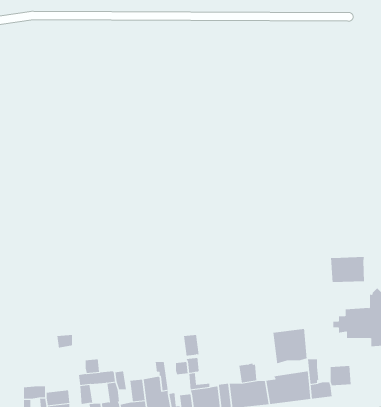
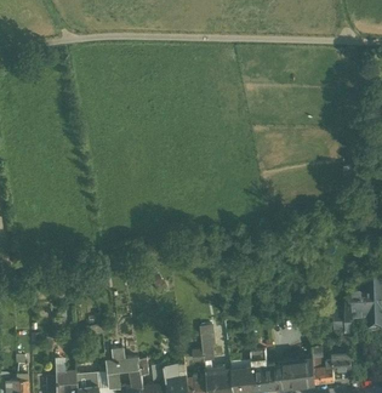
building: [331,256,365,283] -> none
building: [273,328,307,364] -> none

